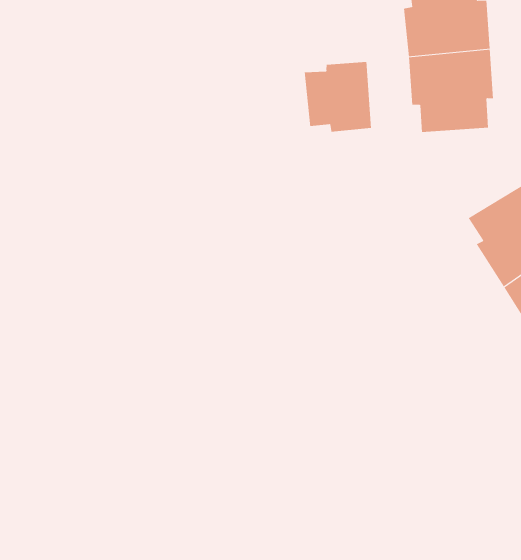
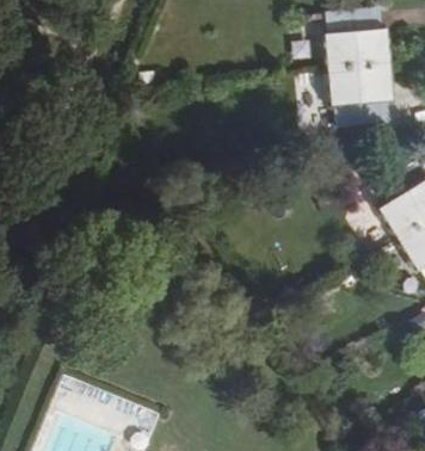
building: [304,61,371,132] -> none

